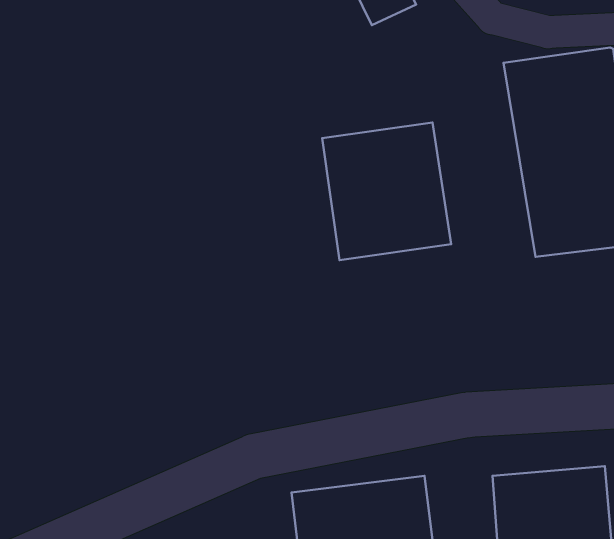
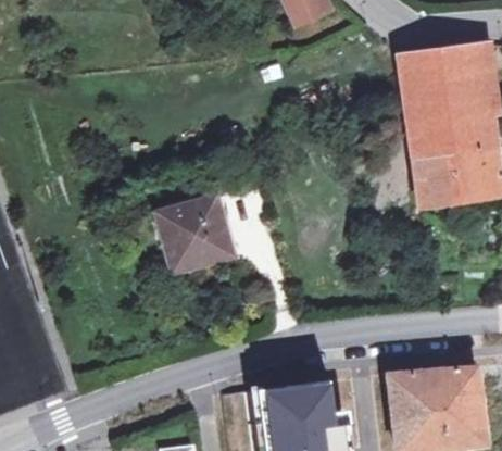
building: [322,123,451,260] -> none
building: none -> [162,201,231,273]

